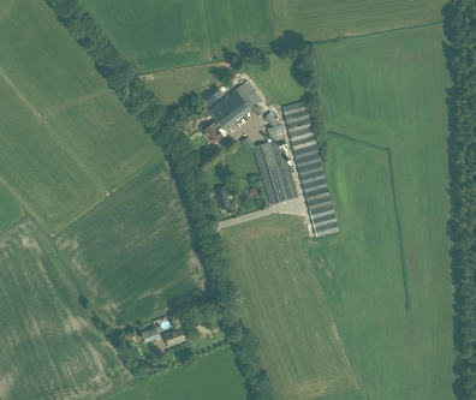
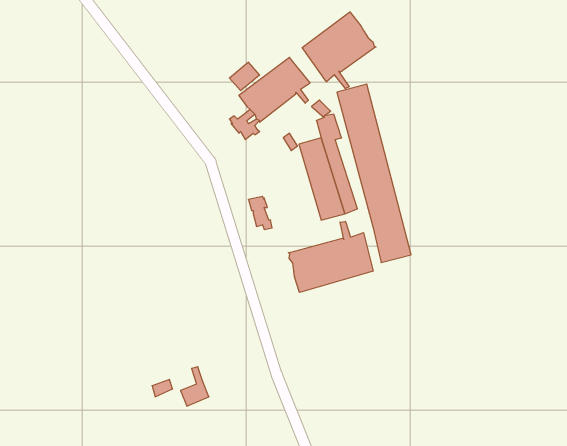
building: none -> [302,12,376,89]
building: none -> [288,221,373,292]

